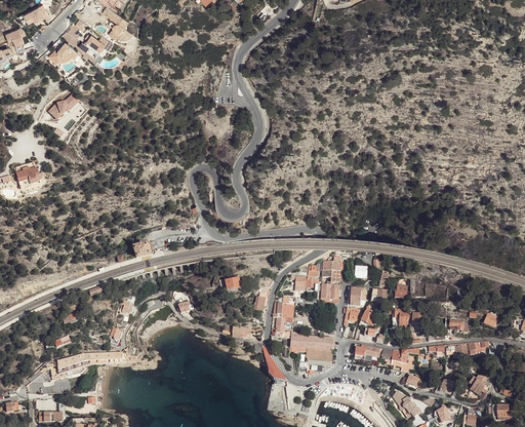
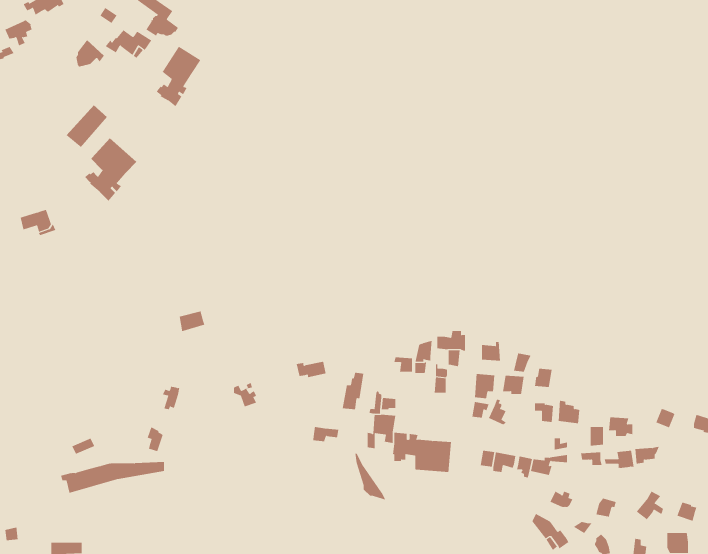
building: none -> [156,46,201,107]
building: none -> [84,137,137,202]

